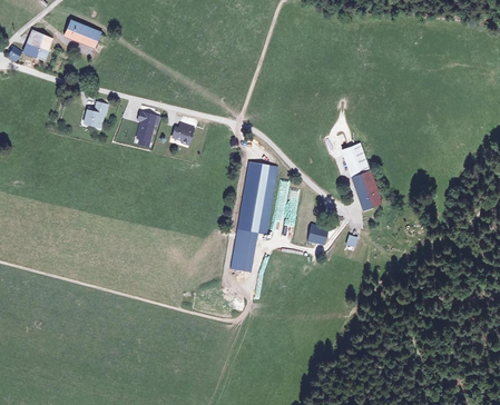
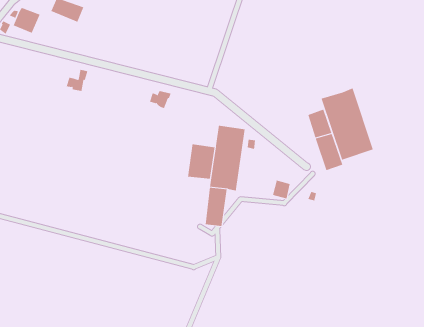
building: [137,110,159,145] -> none
building: none -> [321,87,374,160]
building: none -> [187,143,215,180]

